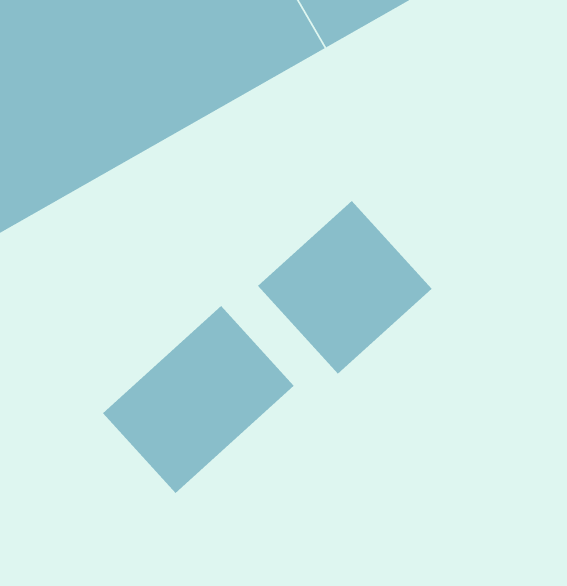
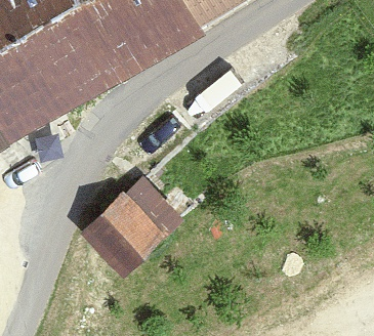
building: [257,200,432,375] -> none

